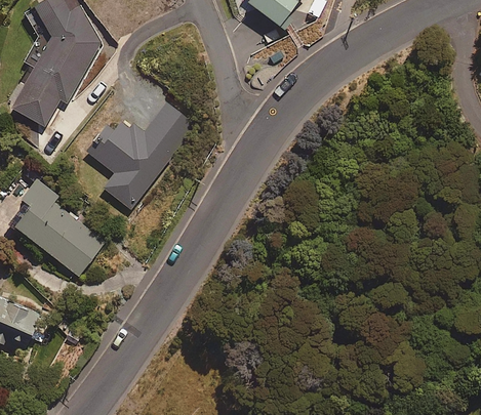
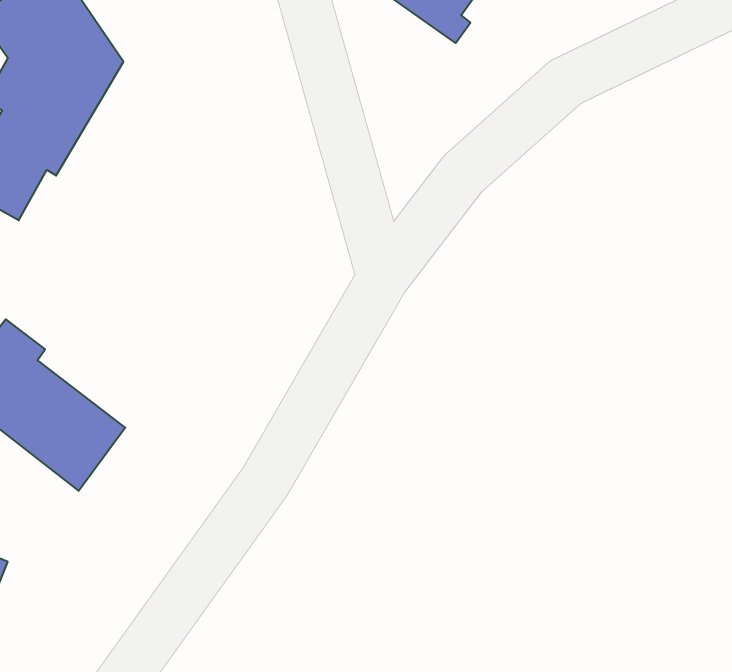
building: [88,100,195,208] -> none

